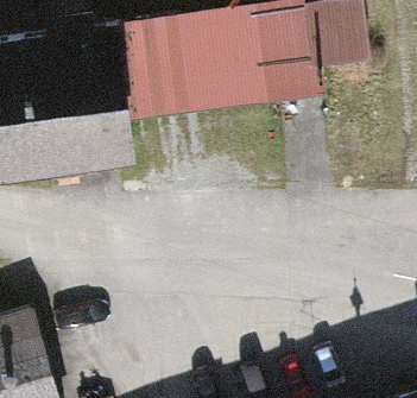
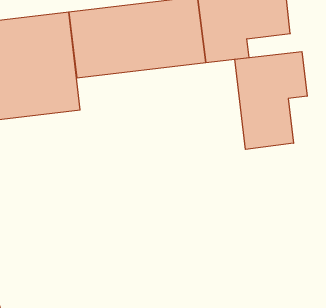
building: none -> [235,52,307,149]

